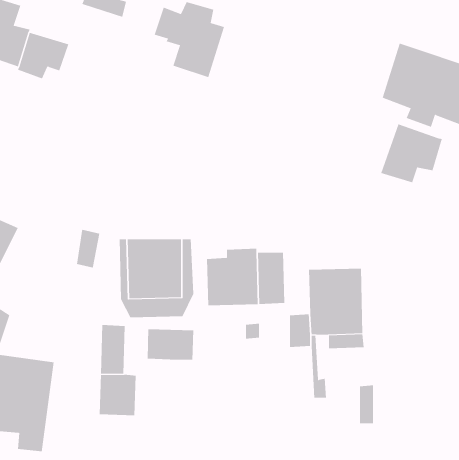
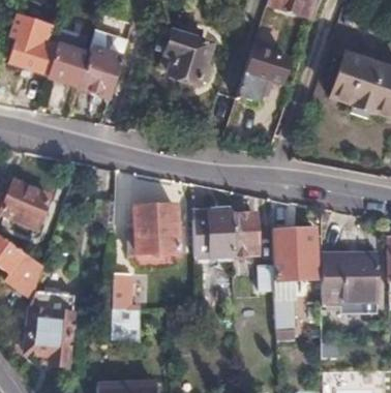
building: none -> [79,47,124,98]
building: none -> [239,47,291,101]
building: [380,124,442,183] -> none
building: none -> [324,249,380,298]
building: [147,329,194,361] -> none

